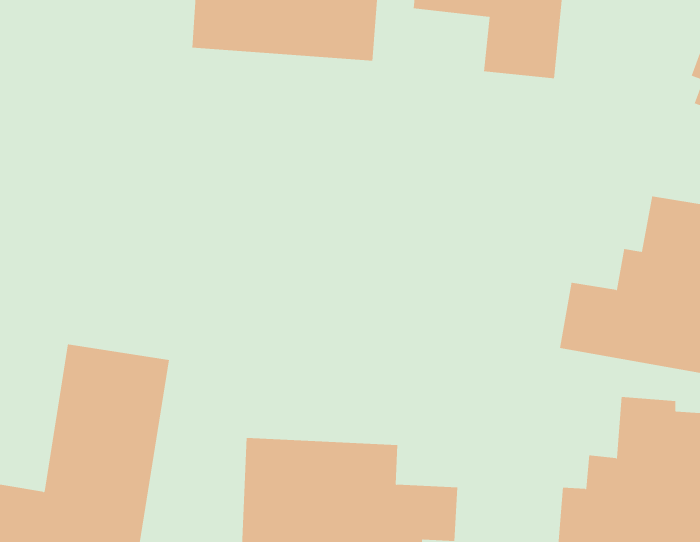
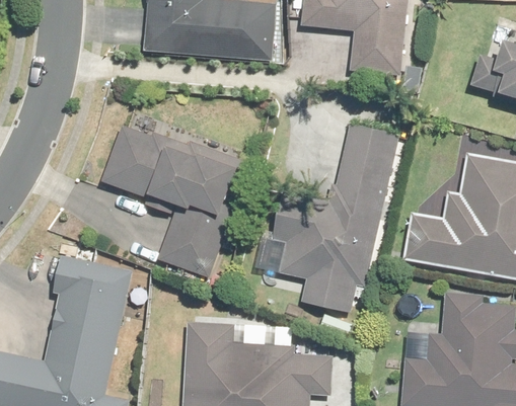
building: none -> [254,119,399,314]
building: none -> [103,126,238,271]

